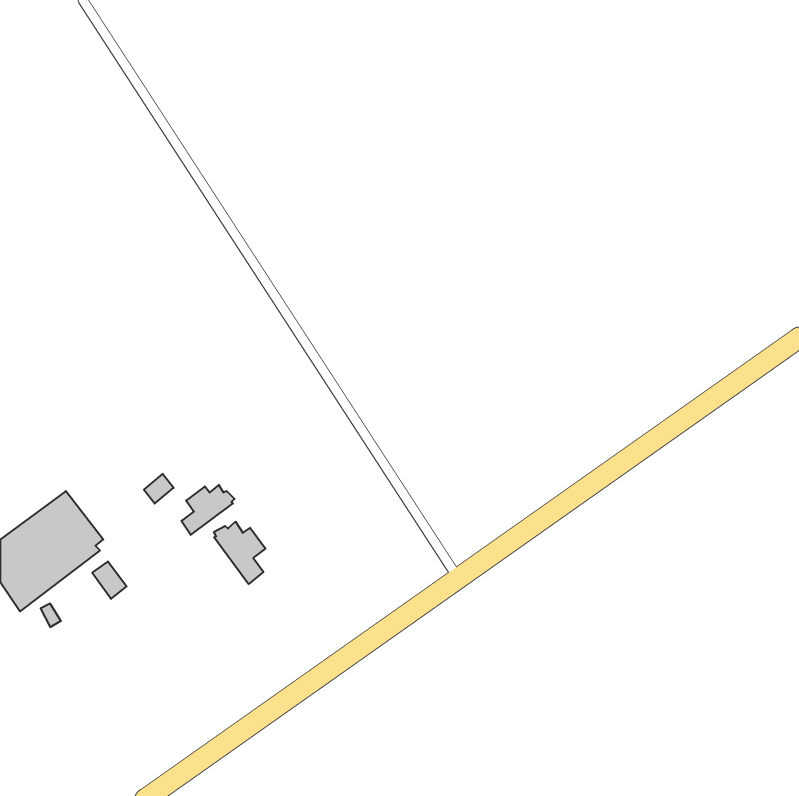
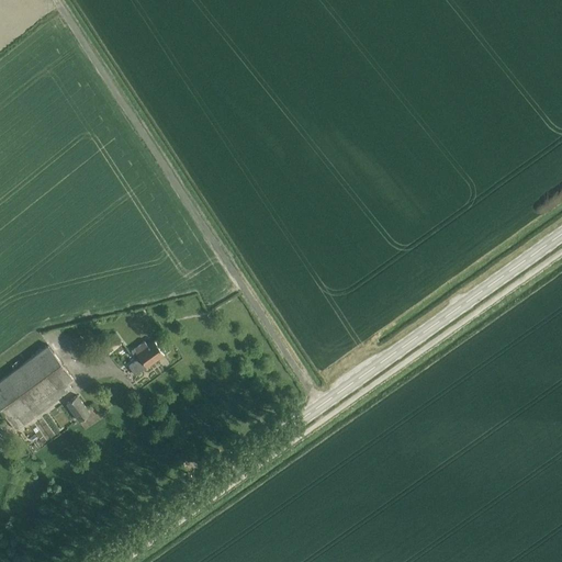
building: [214,522,265,584] -> none

